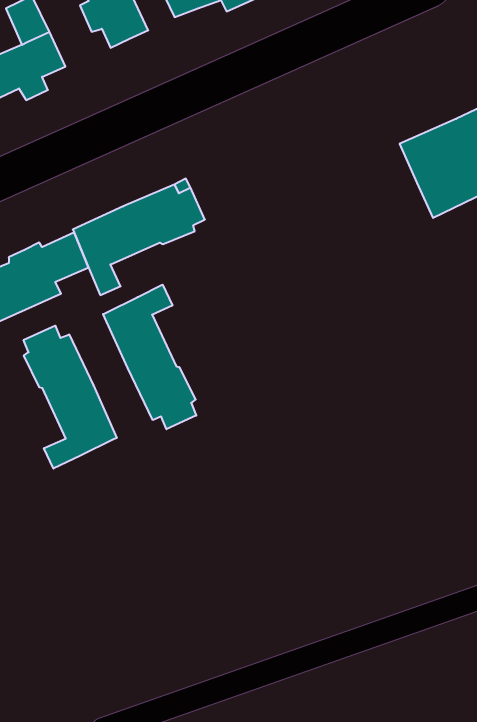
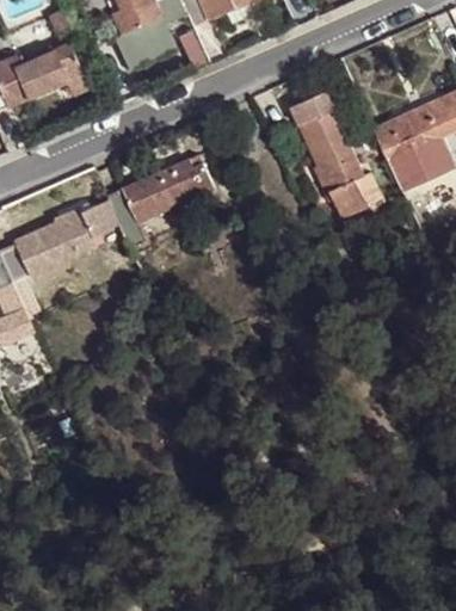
building: none -> [294,92,369,218]
building: [103,285,196,429] -> none
building: [24,326,117,469] -> none

